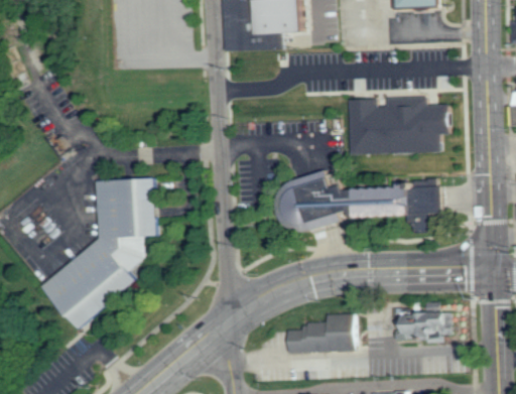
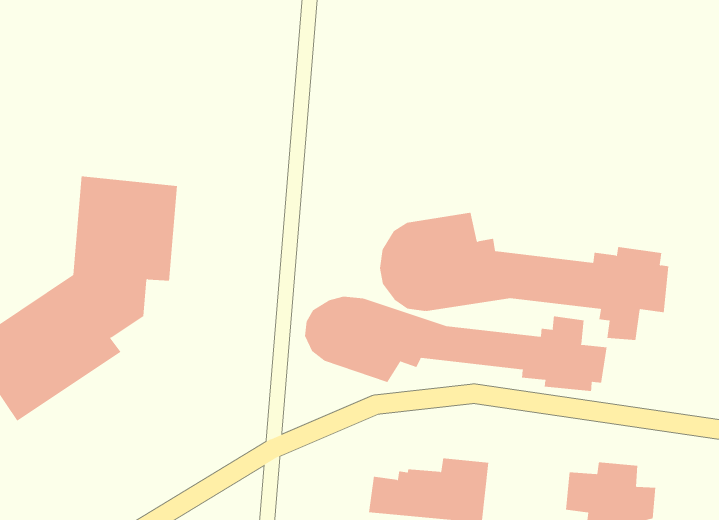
building: [350,97,448,153] -> none
building: none -> [304,296,607,392]

